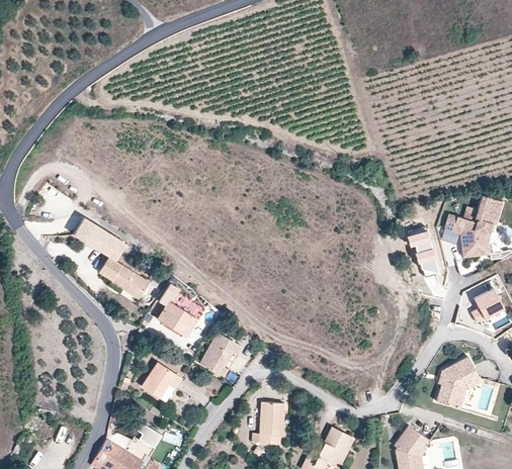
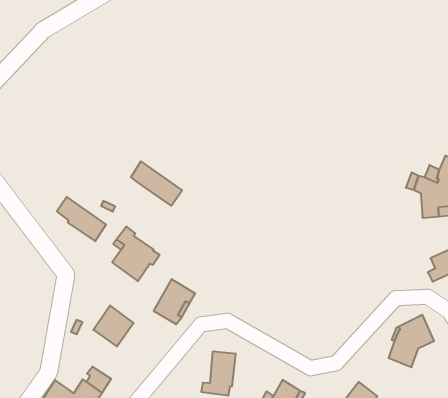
building: [74,218,125,261] -> [131,161,182,206]
building: [406,226,437,277] -> none

